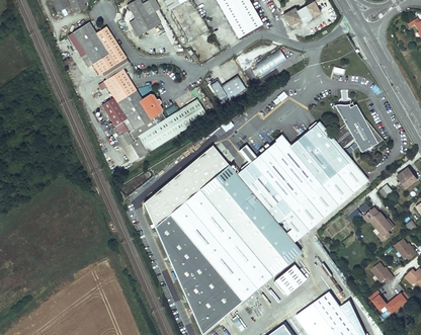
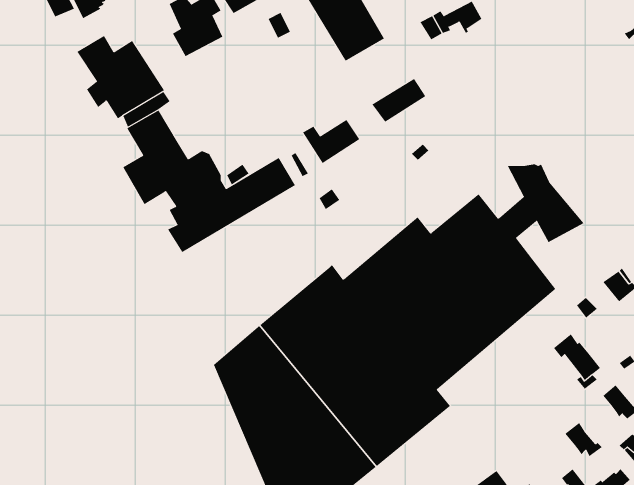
building: [144,145,226,227] -> none
building: [273,264,306,296] -> none

